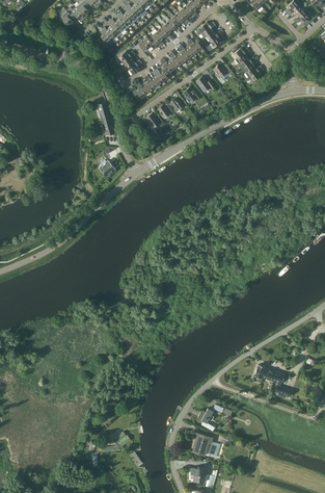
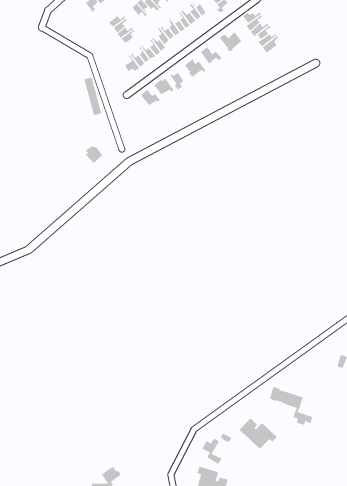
building: none -> [238,417,278,450]

